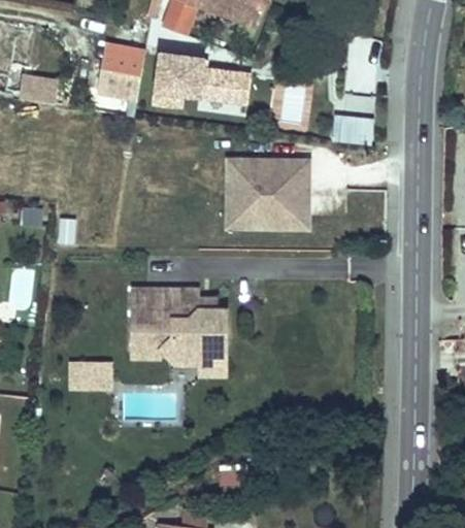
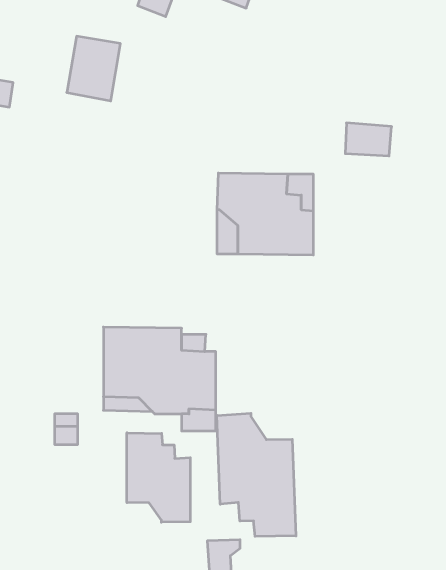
building: [153,54,246,107] -> none
building: none -> [217,413,296,536]
building: none -> [127,433,190,522]

